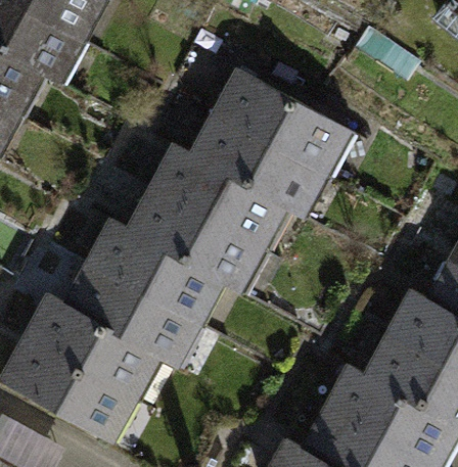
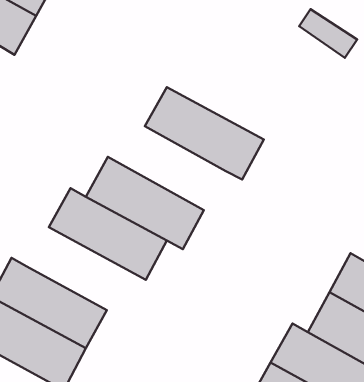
building: [220,73,348,172] -> none
building: [156,148,283,247] -> none
building: [70,266,197,365] -> none

